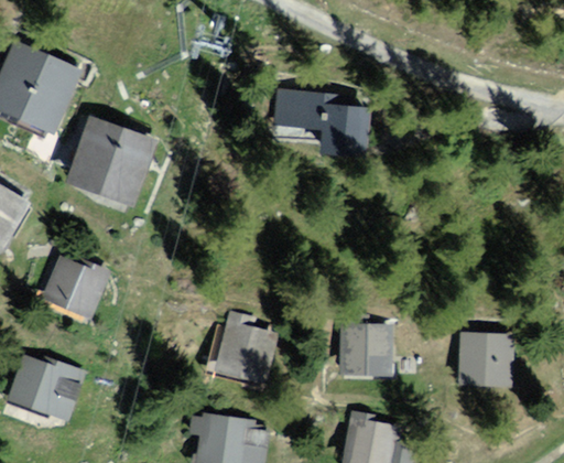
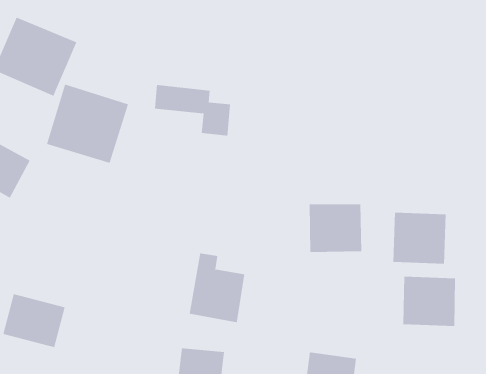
building: [265,91,352,150] -> [154,85,231,136]
building: [30,254,98,316] -> none
building: none -> [393,212,446,264]
building: [340,325,401,380] -> [309,204,362,252]

